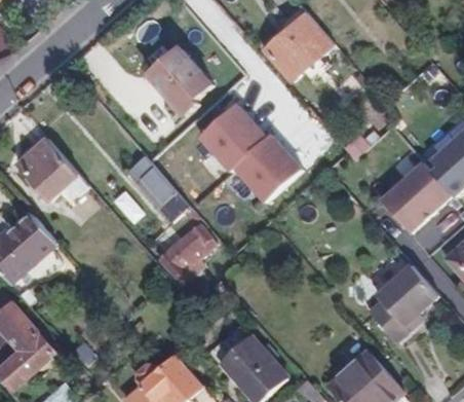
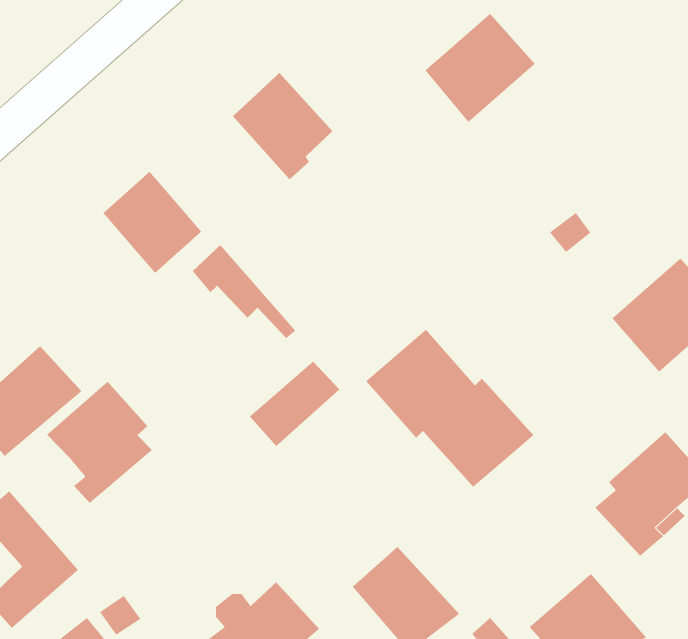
building: [196,101,299,197] -> [365,329,534,487]
building: [16,138,77,200] -> [103,171,202,274]
building: none -> [46,381,153,504]

